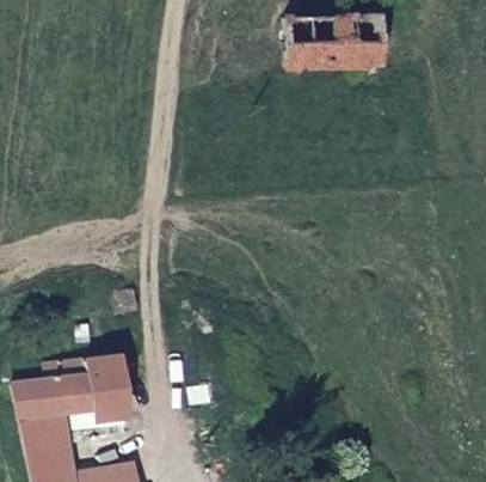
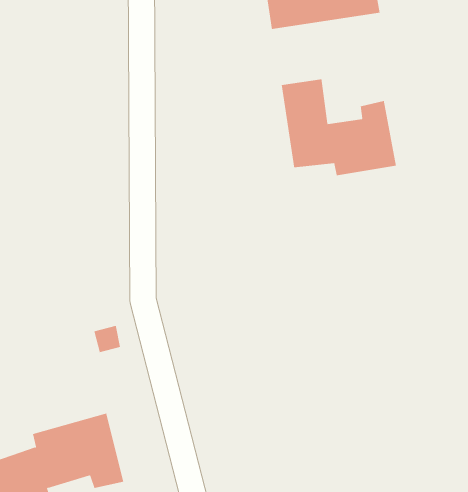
building: none -> [281,79,397,176]

